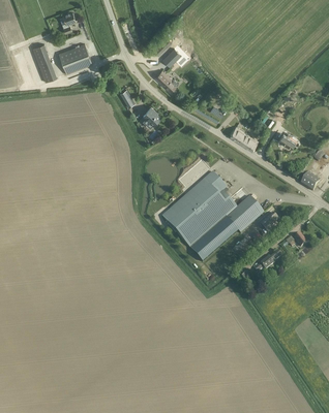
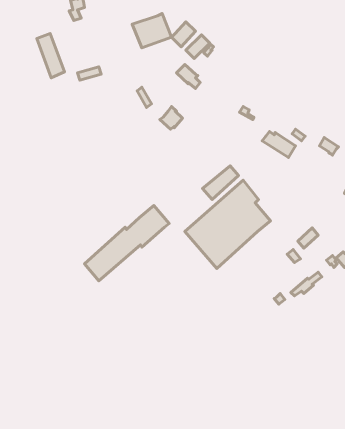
building: [58,43,92,73] -> [132,13,172,48]
building: [189,196,263,261] -> [85,206,169,281]

